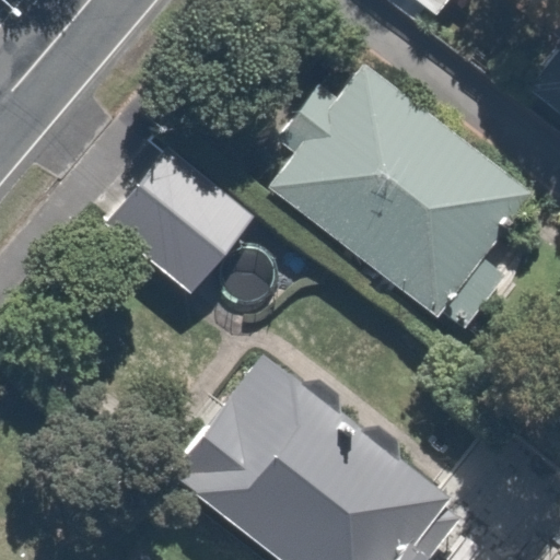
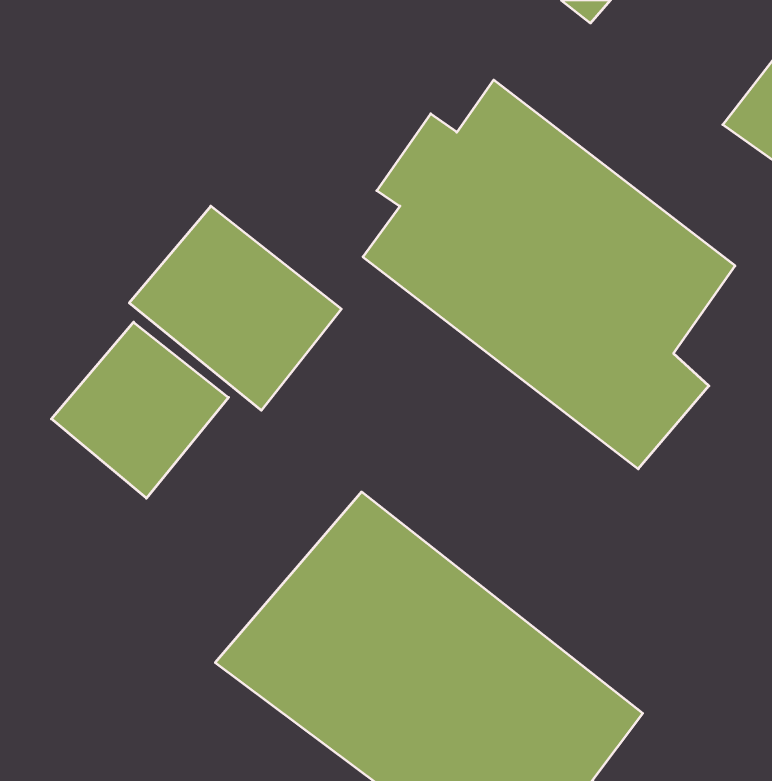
building: none -> [51,322,229,498]

